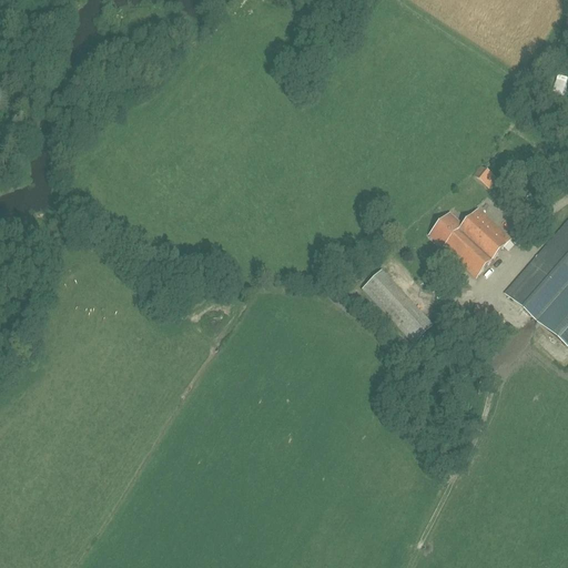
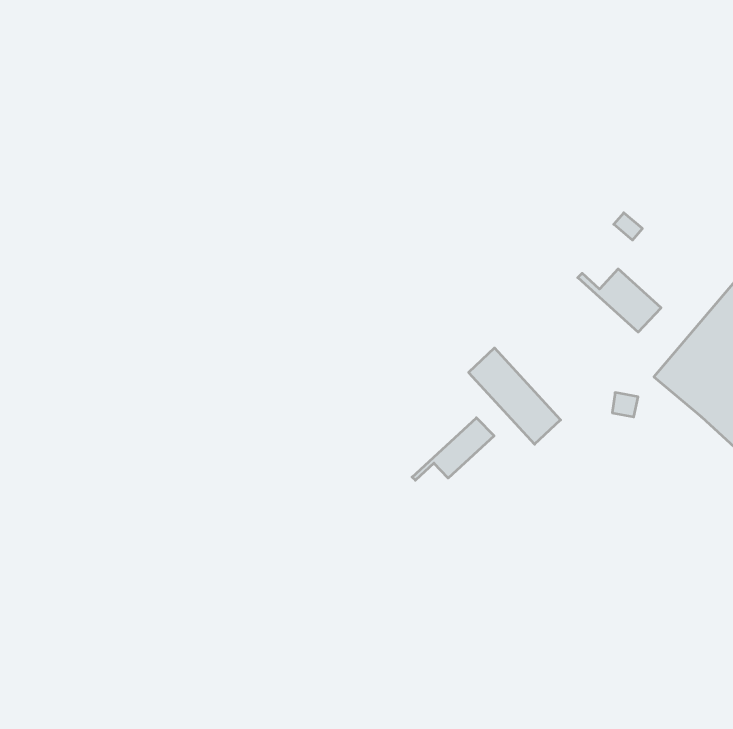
building: [430,214,494,275] -> none
building: none -> [412,418,494,480]

